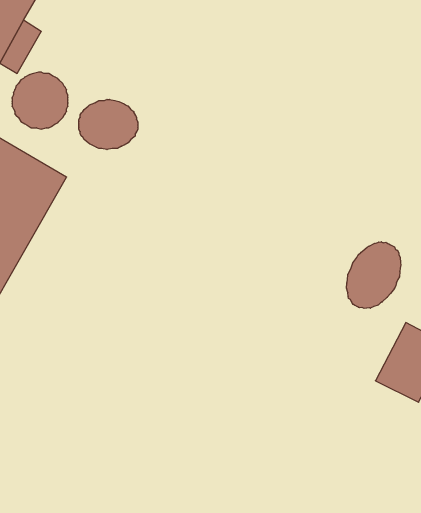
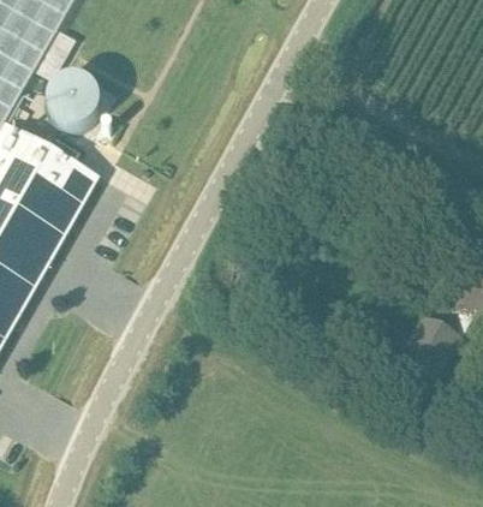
building: [79,99,138,150] -> none
building: [347,242,401,308] -> none

